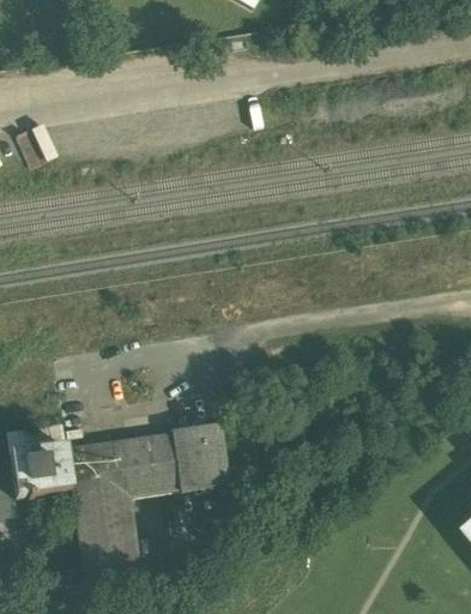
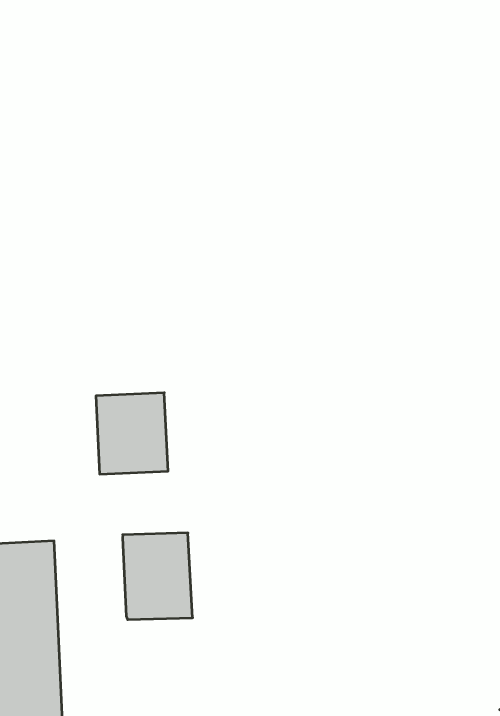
building: [122,431,181,495] -> [96,393,168,474]

